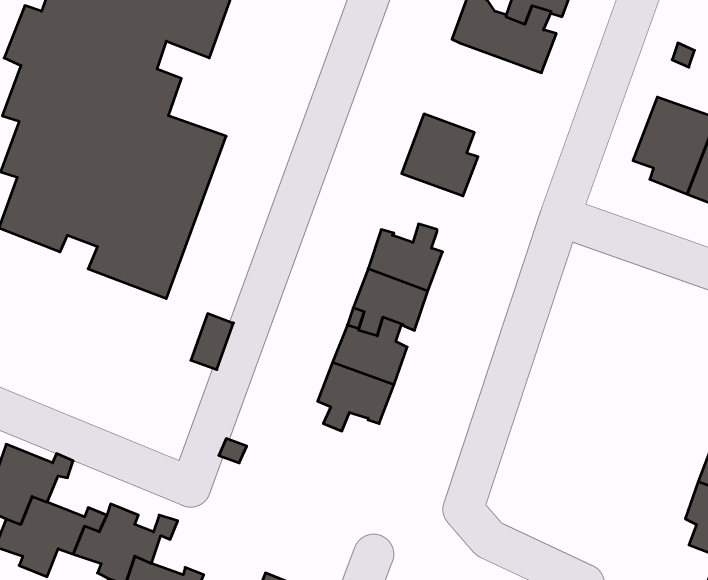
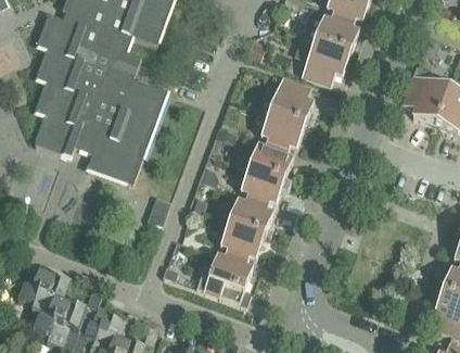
building: none -> [296,36,349,85]
building: none -> [260,112,304,152]
building: none -> [195,251,252,306]

